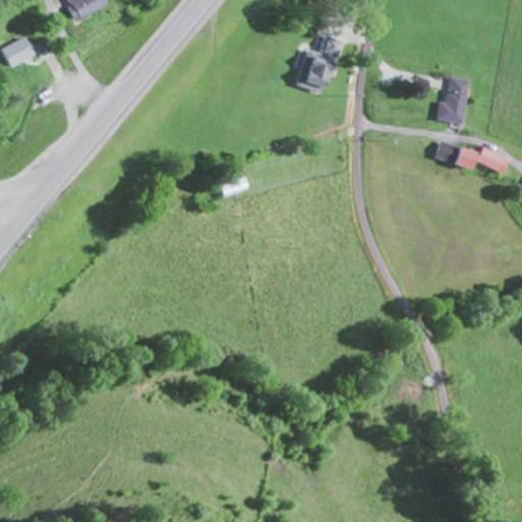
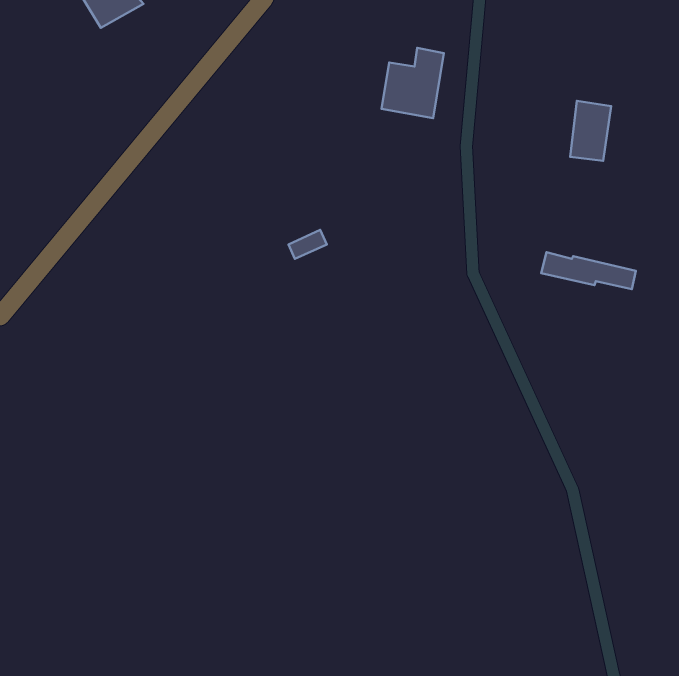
building: [9,40,35,64] -> none
building: [436,144,509,172] -> [541,252,636,289]

